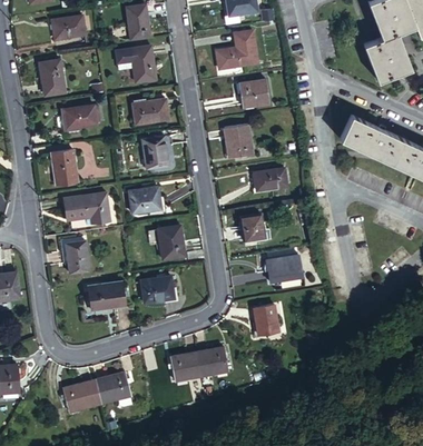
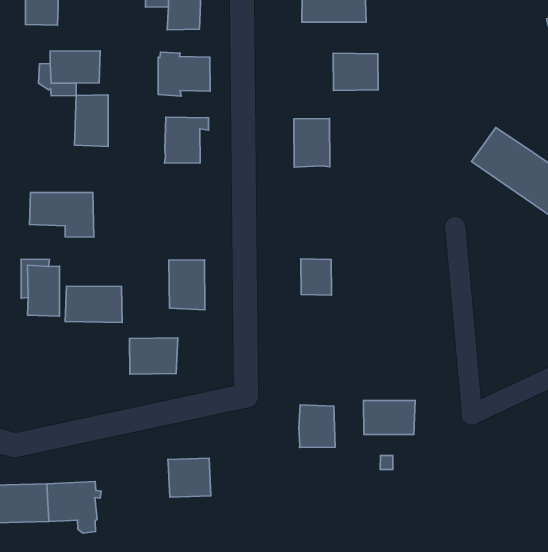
building: [52,149,77,184] -> [74,95,108,146]
building: [252,169,285,191] -> none
building: [125,187,157,212] -> none
building: [265,258,299,284] -> [363,401,415,434]
building: [86,284,124,310] -> [65,286,122,322]
building: [198,344,230,373] -> none

